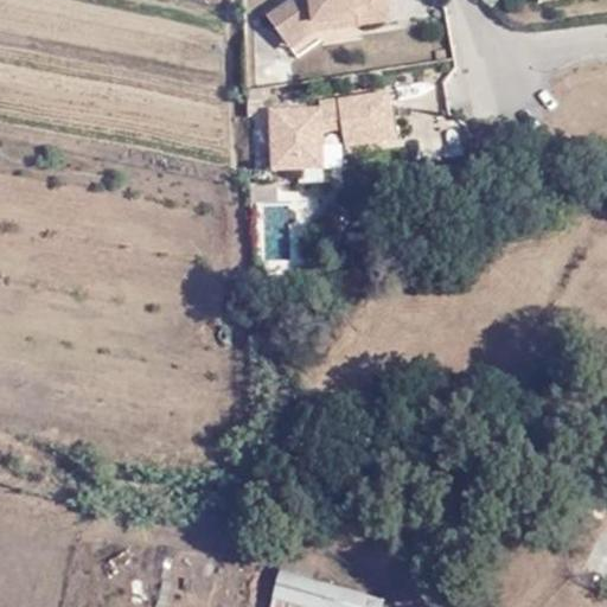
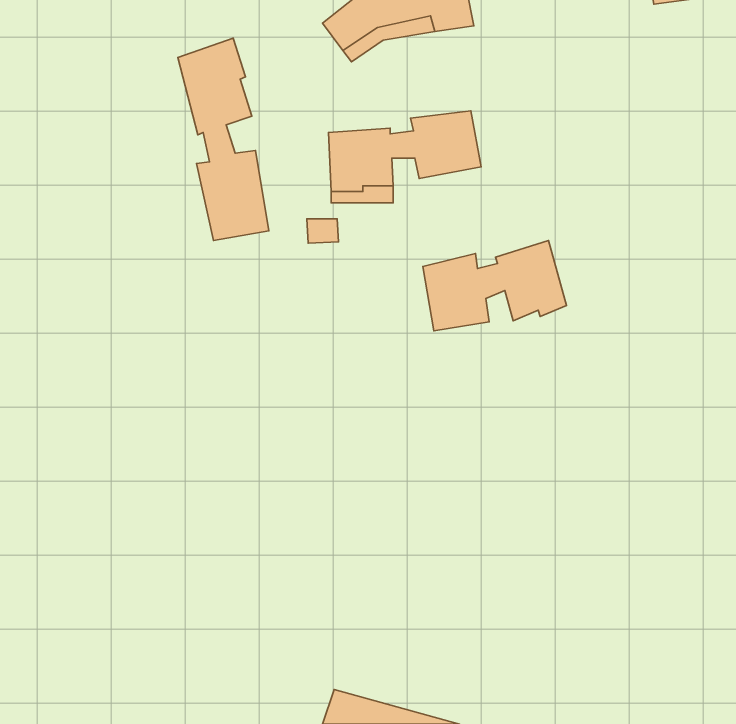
building: none -> [178,38,269,240]
building: none -> [423,241,566,331]

